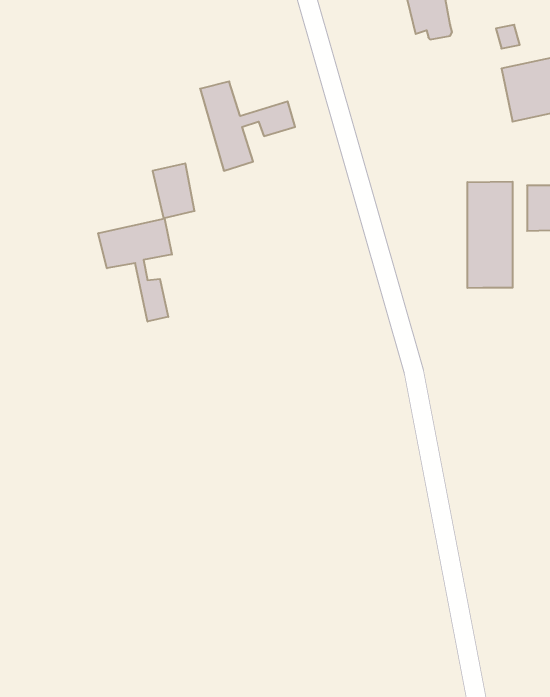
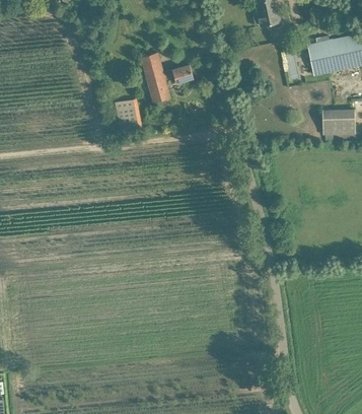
building: [467,182,513,288] -> none
building: [98,218,172,322] -> none

